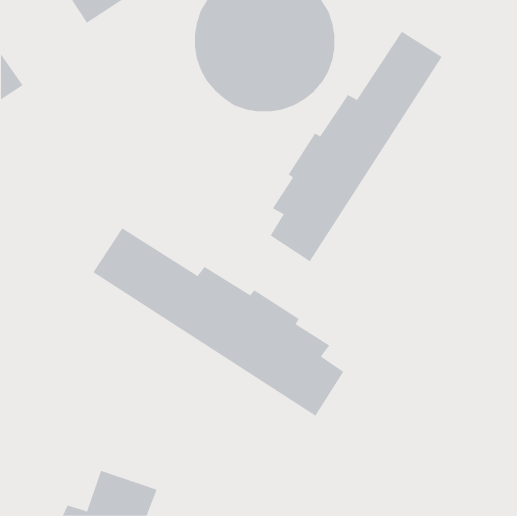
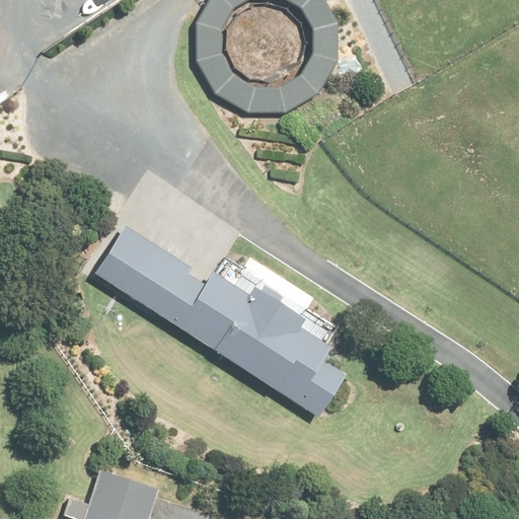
building: [270,31,443,262] -> none

